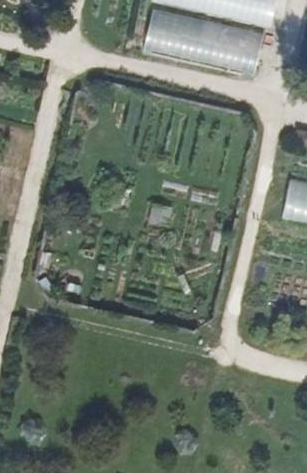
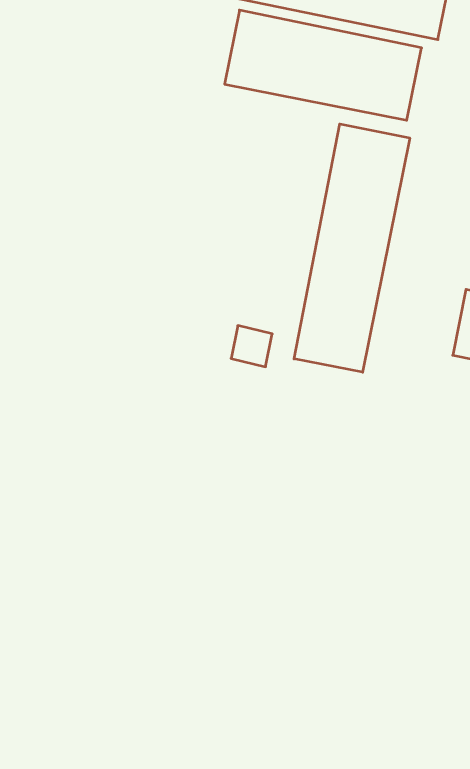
building: none -> [294,124,410,372]

